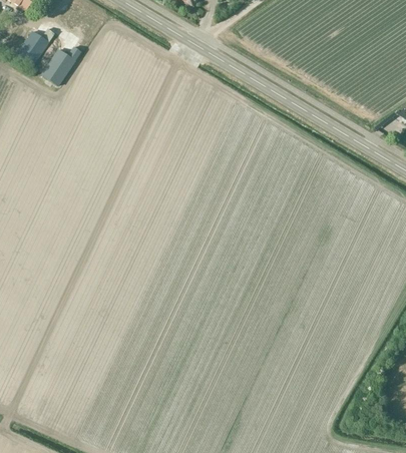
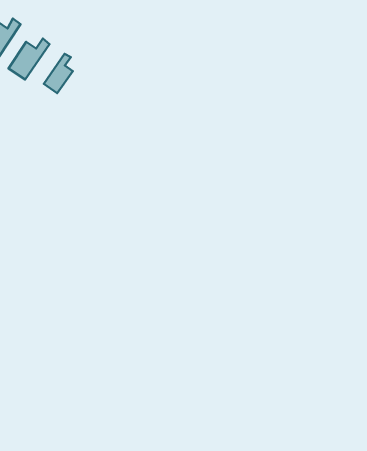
building: none -> [44,54,73,93]

